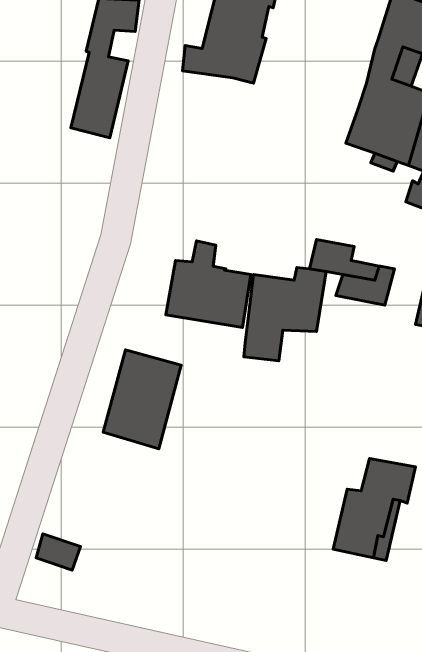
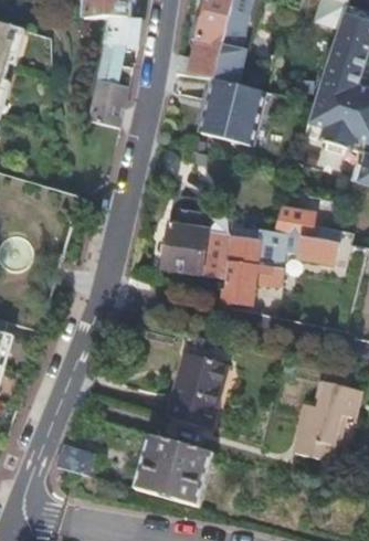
building: none -> [202,78,265,145]
building: [103,350,181,449] -> [166,350,228,428]
building: none -> [134,434,213,505]

